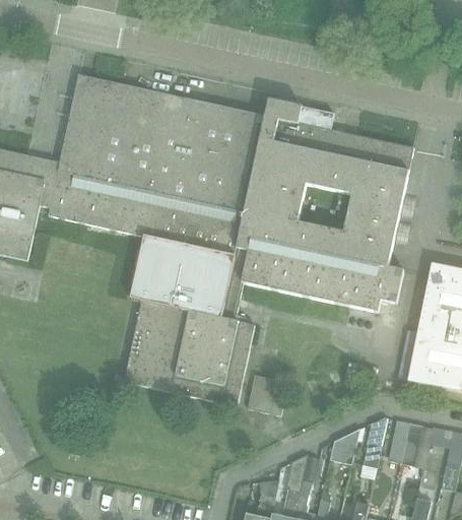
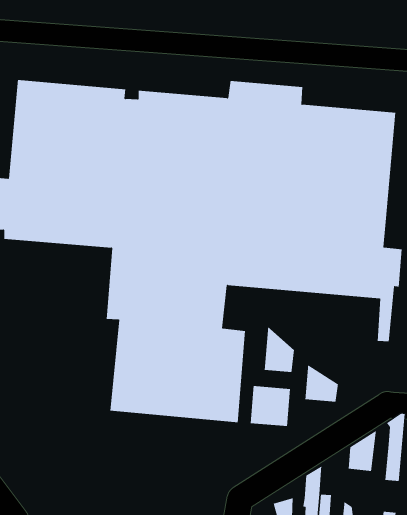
building: none -> [264,326,295,373]
building: none -> [305,364,338,402]

